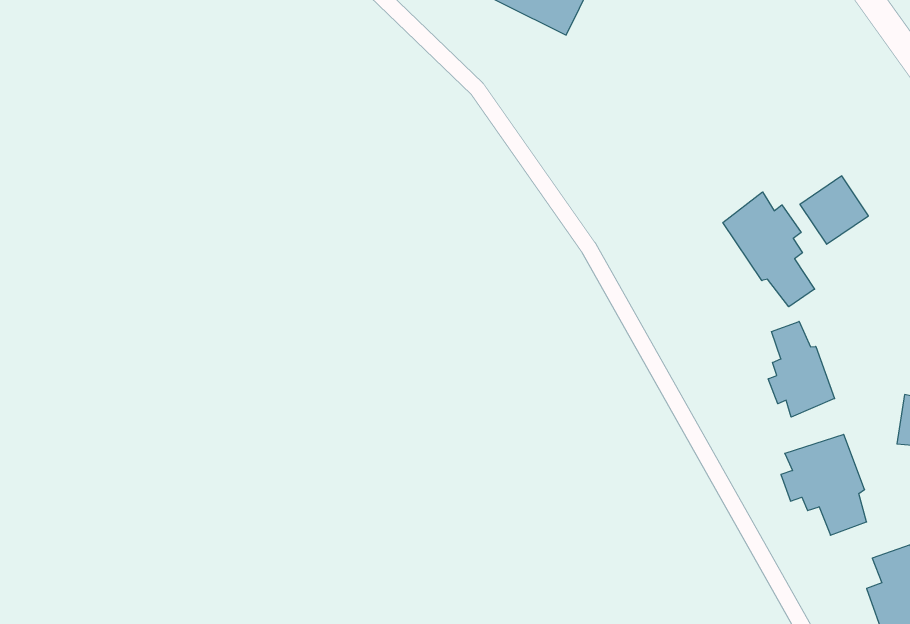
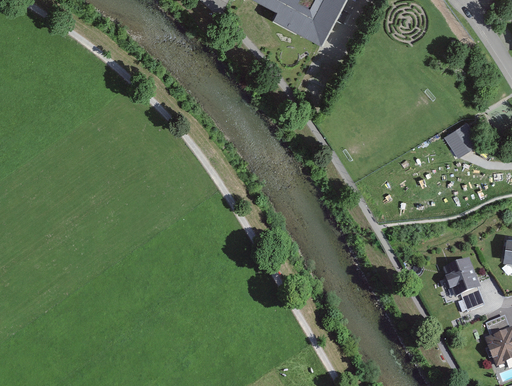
building: [723,192,815,307] -> none
building: [768,321,835,417] -> none

